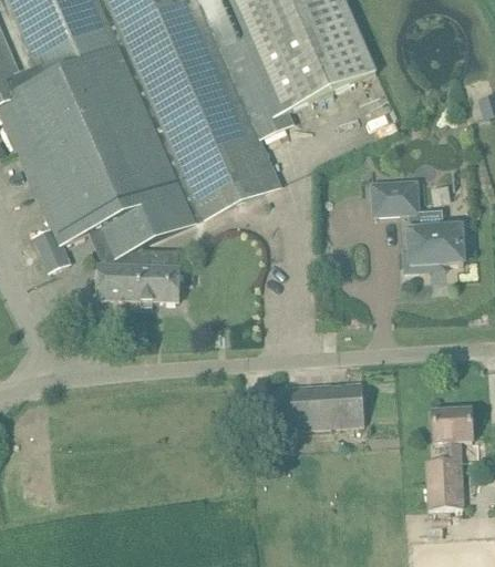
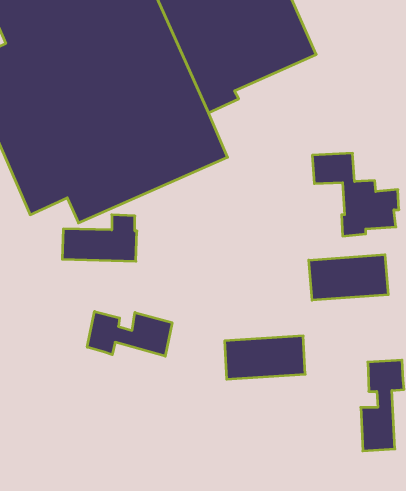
building: [34,228,66,270] -> none
building: none -> [309,255,388,300]
building: none -> [87,311,172,356]

